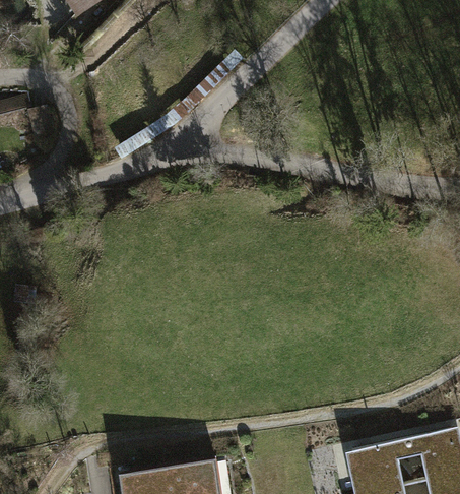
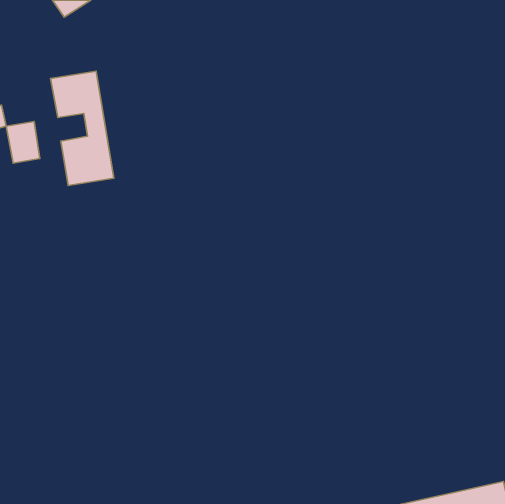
building: none -> [50,71,114,185]

